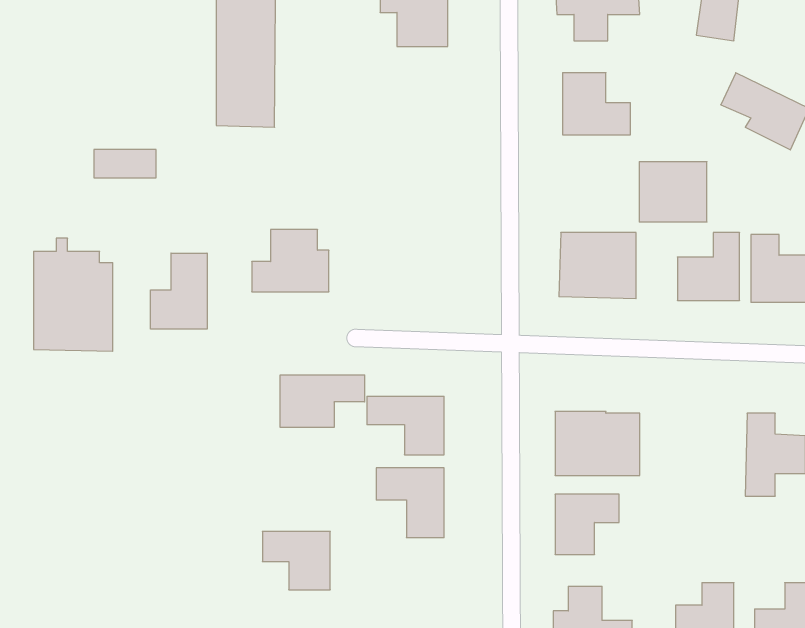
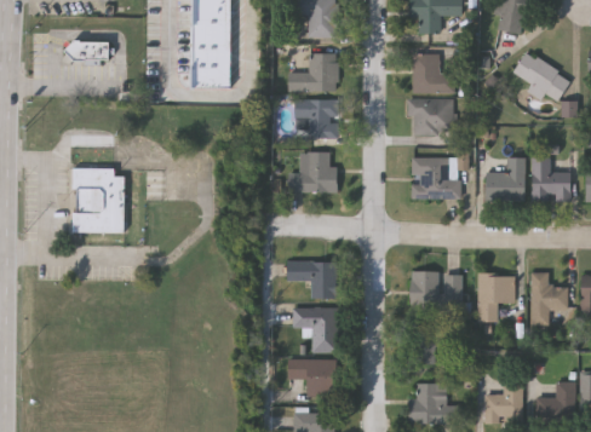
building: none -> [287,53,337,91]
building: none -> [293,99,339,138]
building: [94,150,156,178] -> [67,41,107,59]
building: [639,162,707,222] -> [411,98,454,137]
building: [252,230,329,292] -> [287,152,337,192]
building: [151,253,207,329] -> none
building: [280,375,365,427] -> none
building: none -> [477,273,516,322]
building: [262,531,330,590] -> [289,359,333,397]

